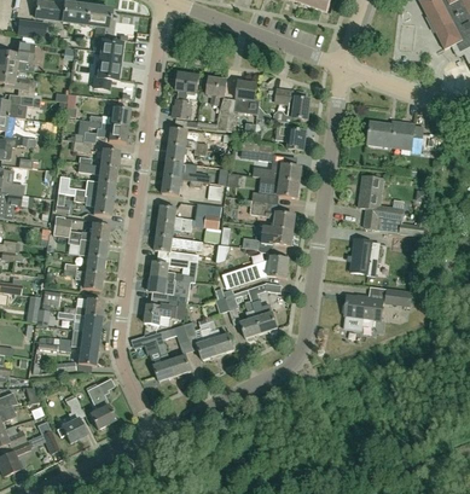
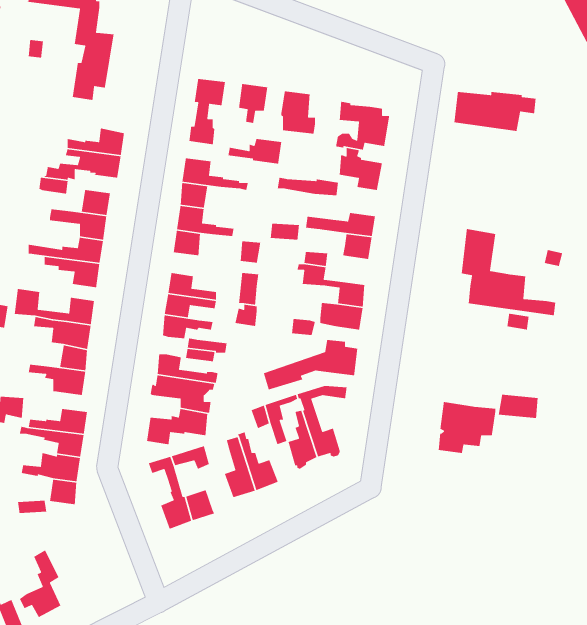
building: [367,121,424,149] -> [454,91,537,132]
building: [350,238,381,277] -> none
building: [87,383,115,428] -> none

